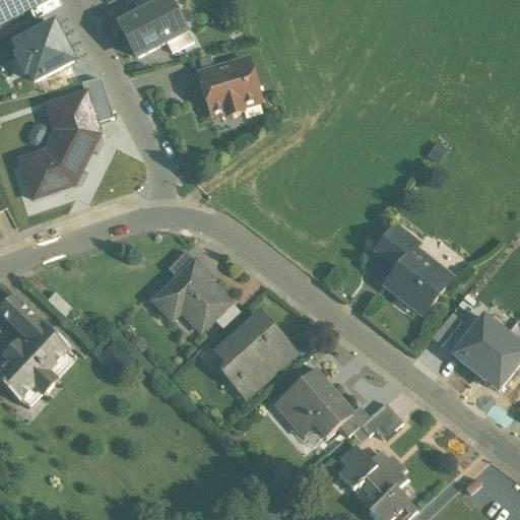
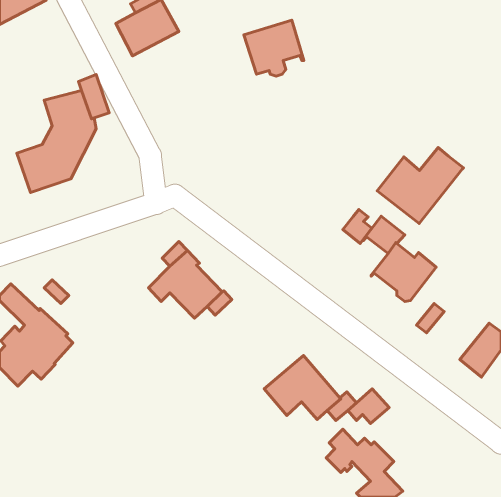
building: [13,22,74,81] -> none
building: [198,58,260,116] -> [244,20,304,76]
building: none -> [377,148,463,224]
building: none -> [343,209,372,243]
building: [215,312,295,394] -> none
building: [452,316,506,372] -> none

